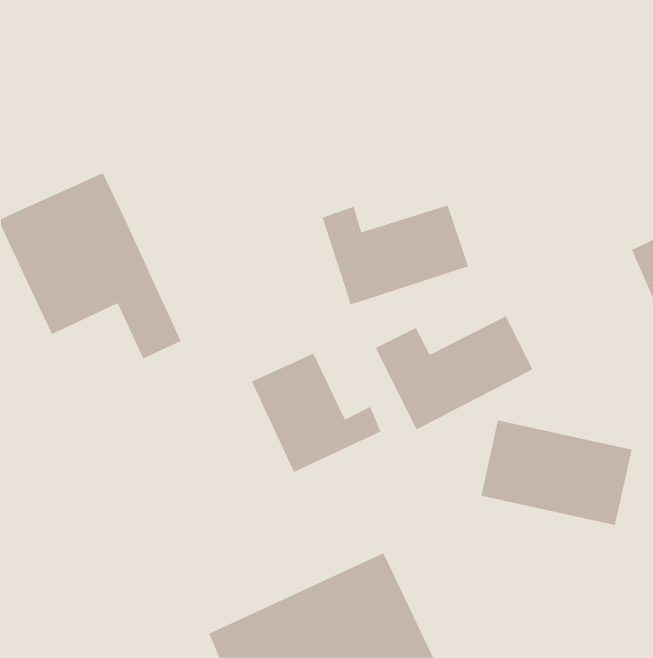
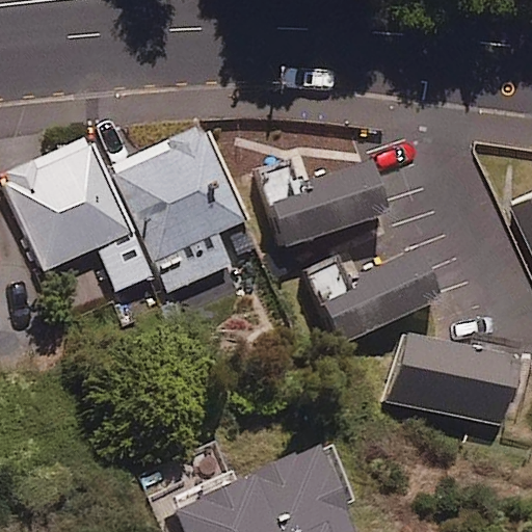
building: none -> [105,130,244,293]
building: [251,353,381,473] -> none

